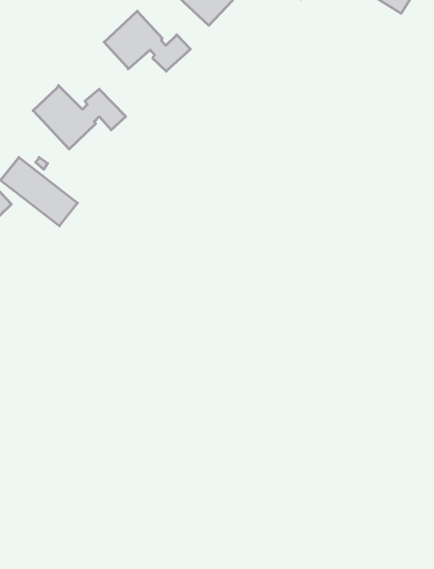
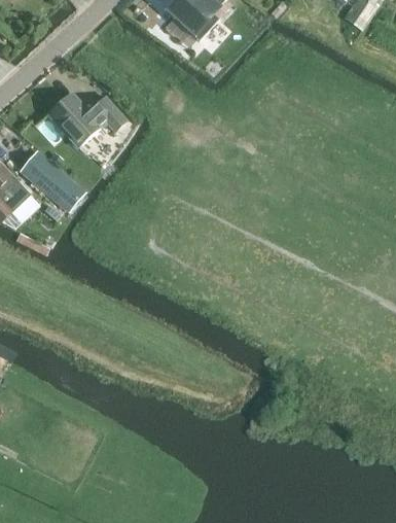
building: [104,11,190,71] -> none

